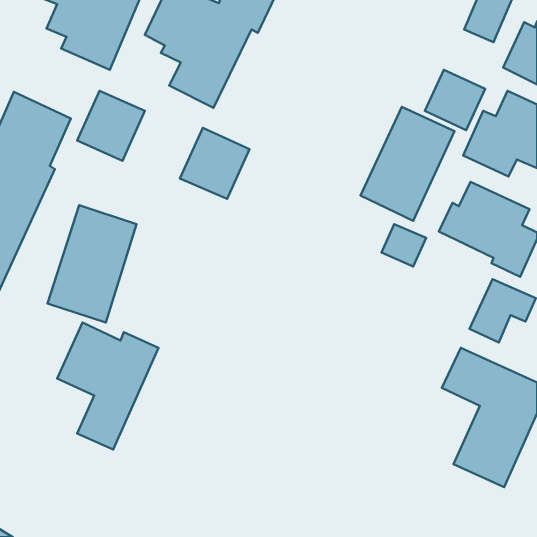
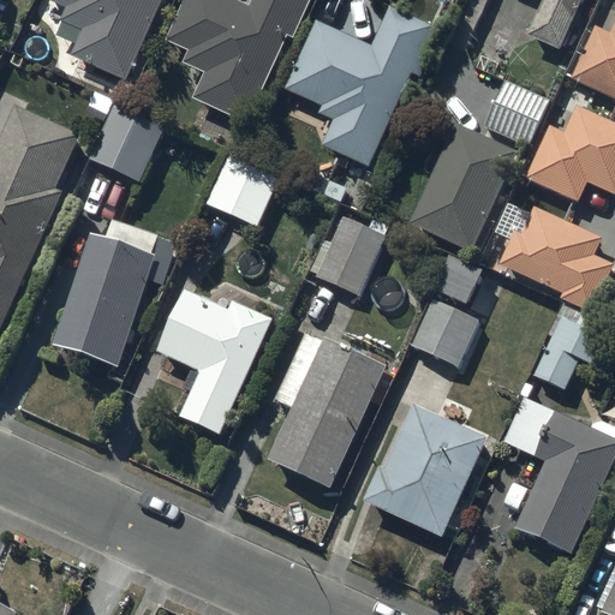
building: none -> [285,5,435,167]
building: none -> [315,223,382,294]
building: none -> [410,298,477,365]
building: none -> [269,338,393,486]
building: [57,323,159,449] -> [157,289,273,434]
building: none -> [364,402,489,537]

